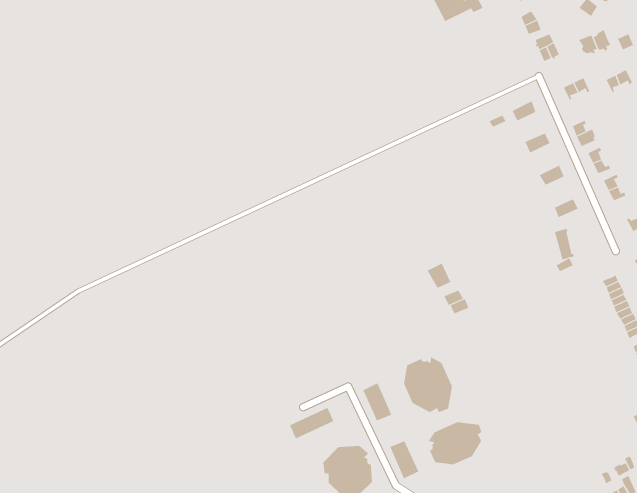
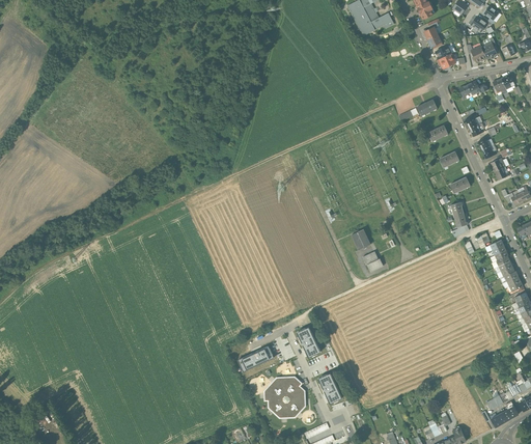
building: [403,356,452,413] -> none
building: [428,422,482,465] -> none

